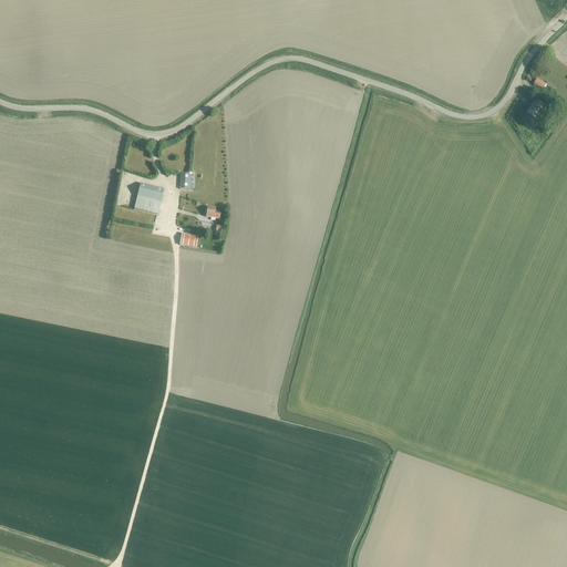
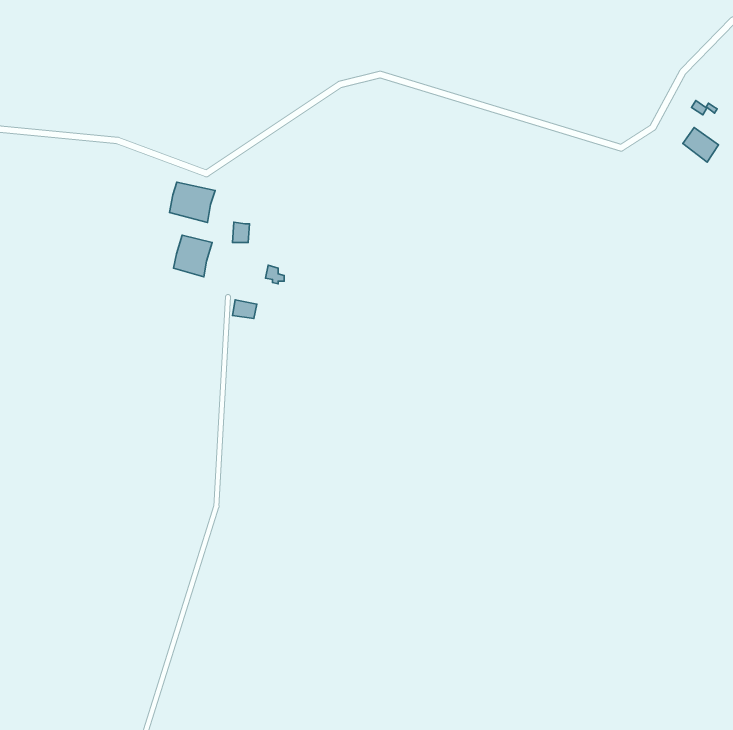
building: none -> [170,182,215,222]

